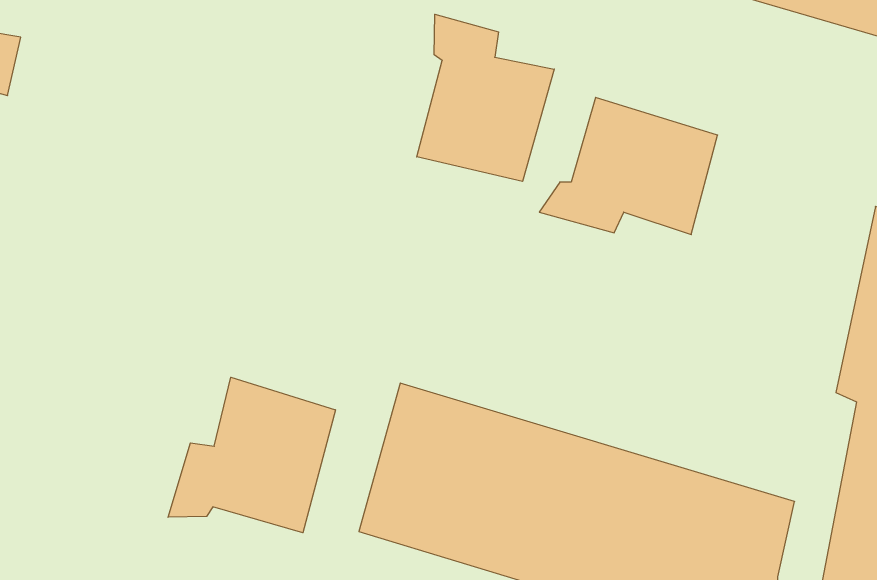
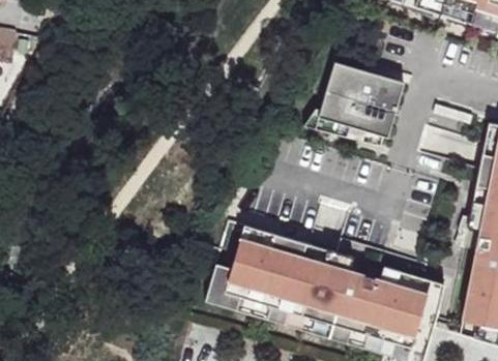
building: [417,14,554,181] -> none
building: [168,377,335,533] -> none

